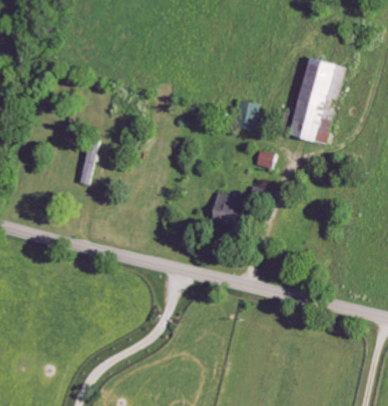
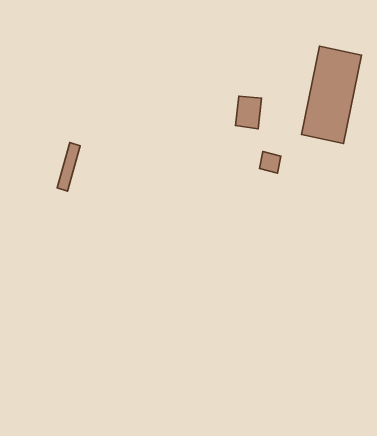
building: [209,191,246,228] -> none

